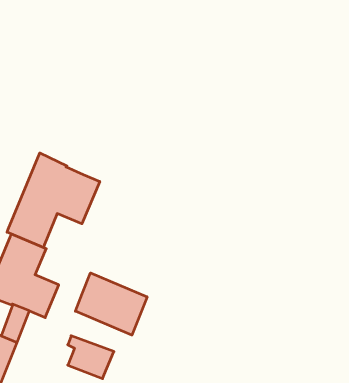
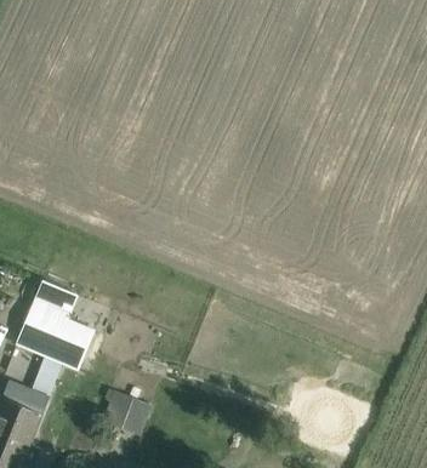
building: [7,153,100,248] -> none
building: [75,273,147,335] -> none

